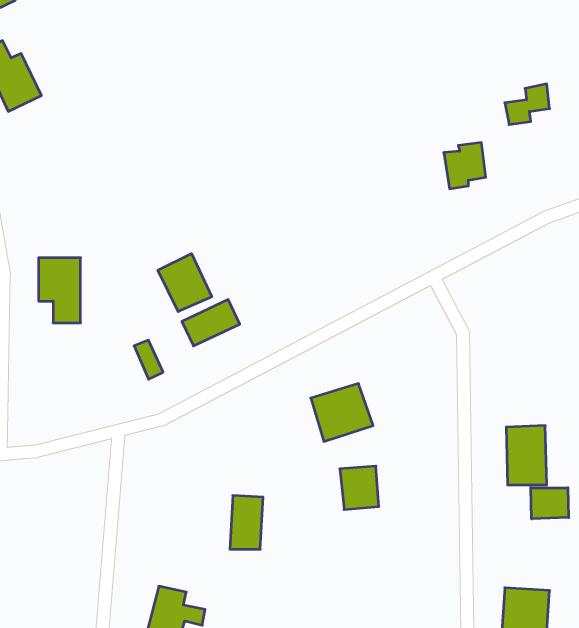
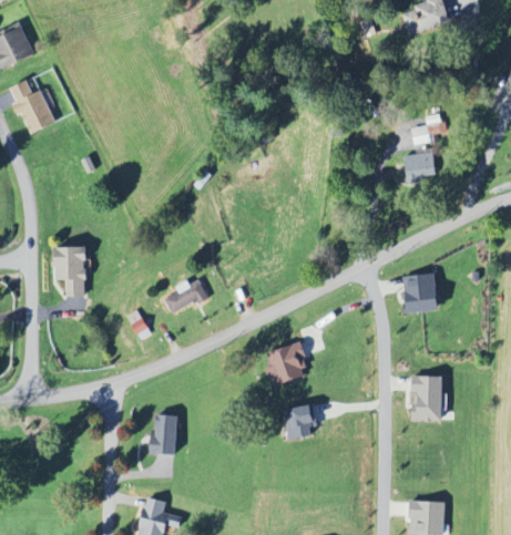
building: [444,143,486,189] -> [405,144,437,179]
building: [158,254,212,312] -> none
building: none -> [402,275,437,313]
building: [531,488,569,519] -> none
building: [230,496,263,549] -> [152,414,177,455]

